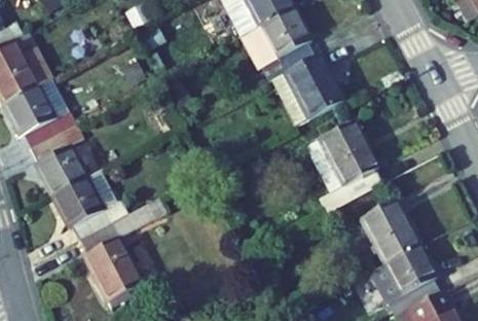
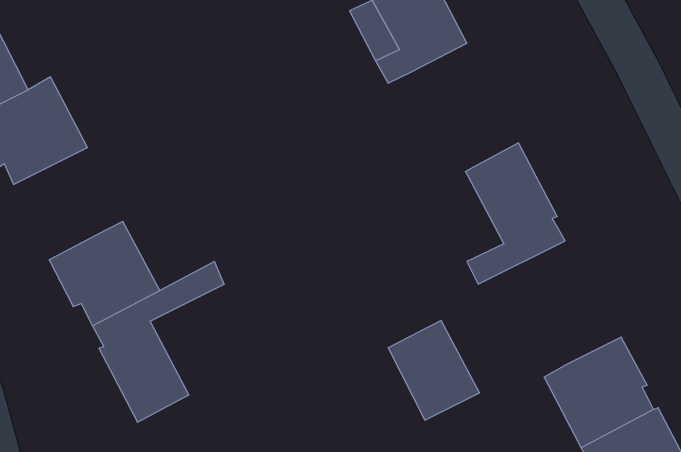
building: [285,58,343,120] -> none
building: [31,124,88,197] -> none
building: [361,200,419,263] -> [388,320,480,420]

